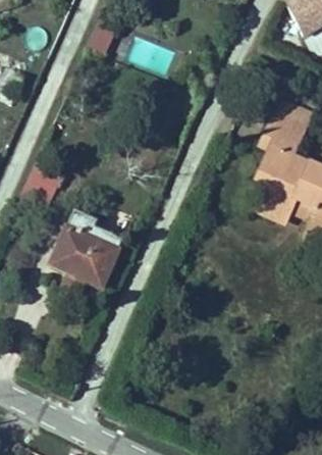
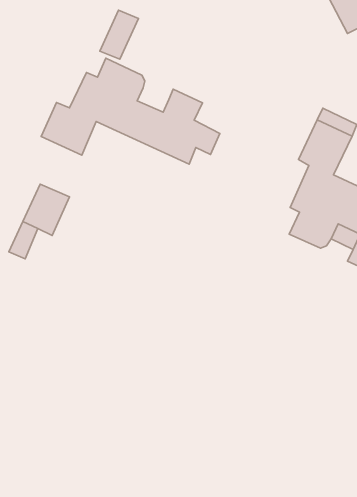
building: none -> [41,58,220,164]
building: [51,209,121,293] -> none

